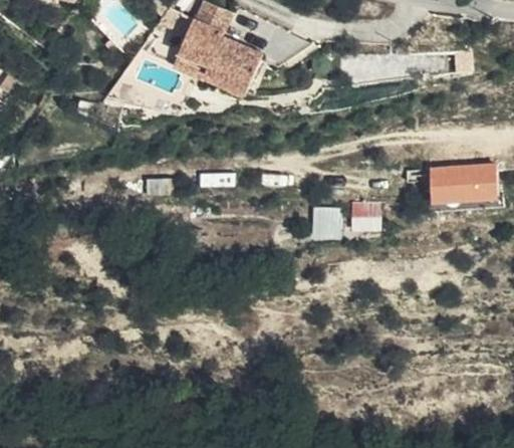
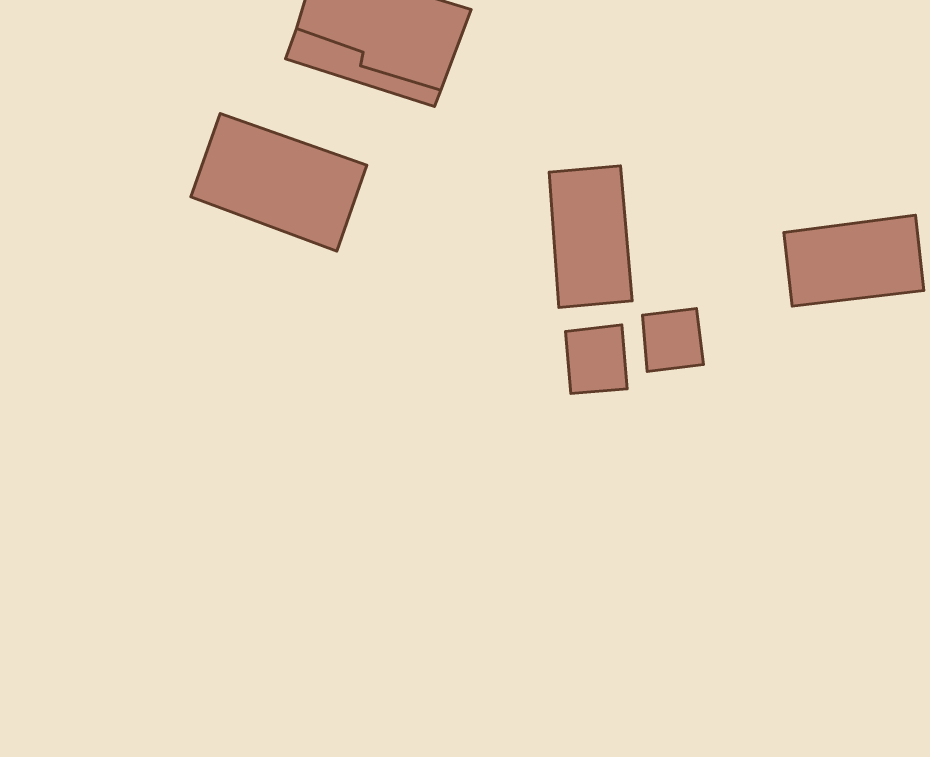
building: none -> [191,113,367,251]
building: none -> [549,166,632,307]

